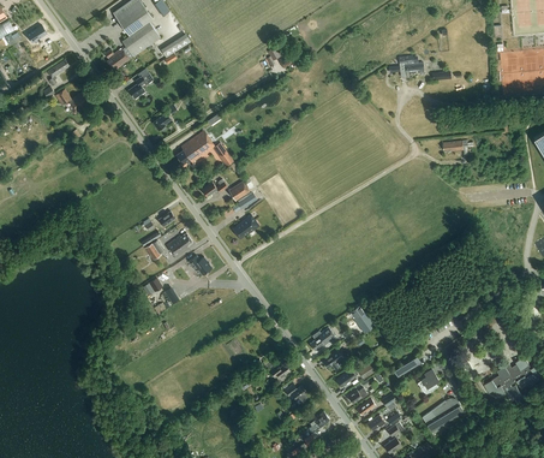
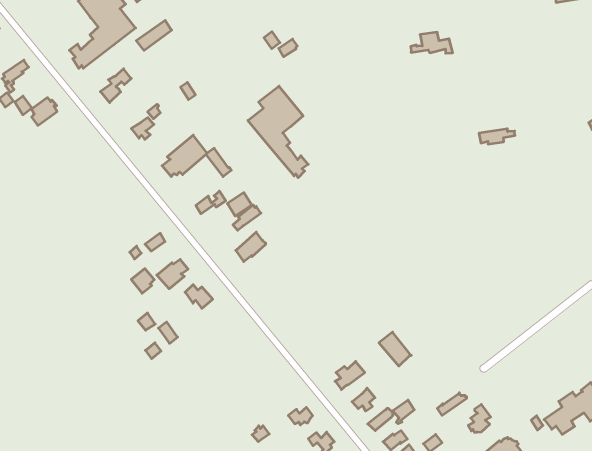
building: none -> [248,86,308,178]

